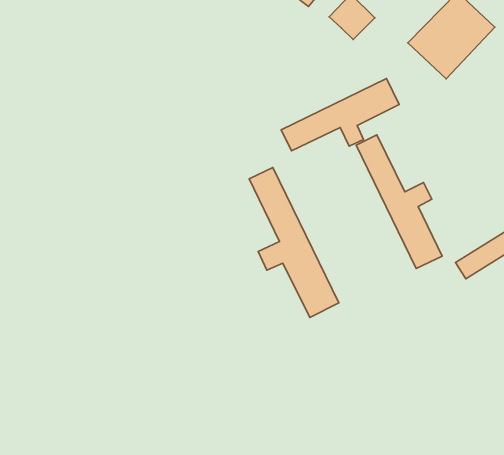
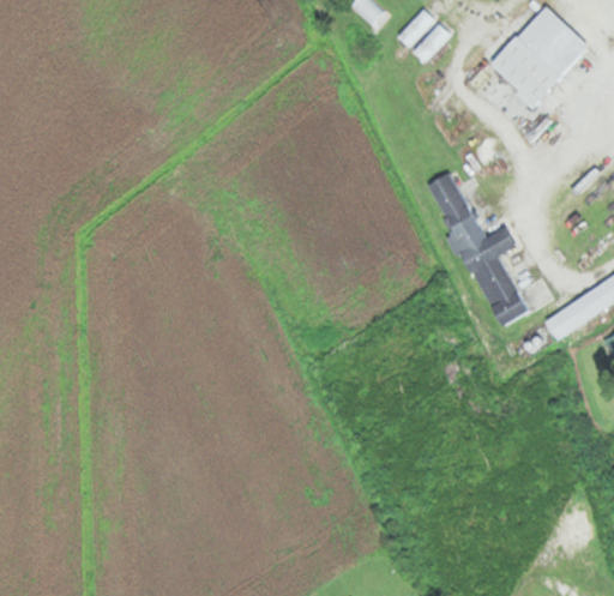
building: [281,79,399,151] -> none
building: [249,167,339,317] -> none

